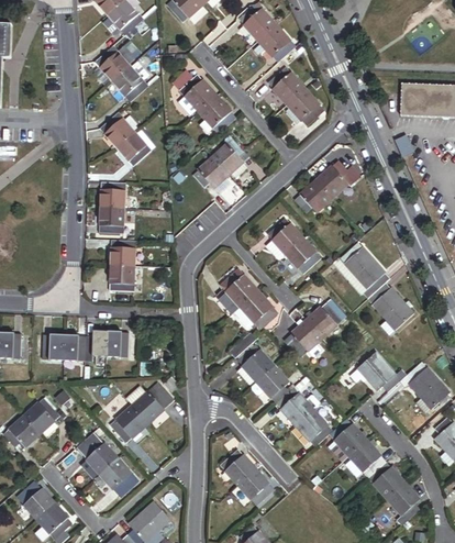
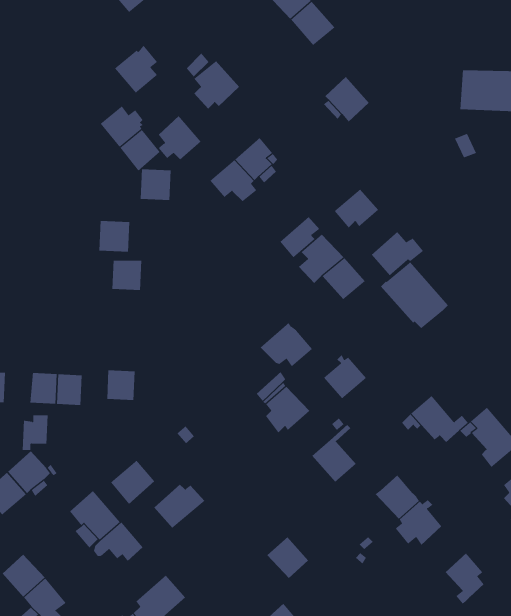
building: [95,41,137,80] -> none
building: [268,66,304,103] -> none
building: [199,96,235,133] -> [158,115,201,160]
building: [317,160,360,198] -> [371,231,424,276]
building: [100,181,126,208] -> [140,169,172,201]
building: none -> [279,216,320,258]
building: [109,264,134,291] -> none
building: [220,269,257,312] -> none
building: [367,281,414,333] -> none
building: [306,298,347,337] -> none
building: [85,331,107,361] -> [22,415,48,451]
building: [252,365,293,402] -> none
building: [131,386,174,423] -> [154,484,205,529]
building: [296,409,333,446] -> none
building: [221,450,256,485] -> none
building: [367,461,404,499] -> none

